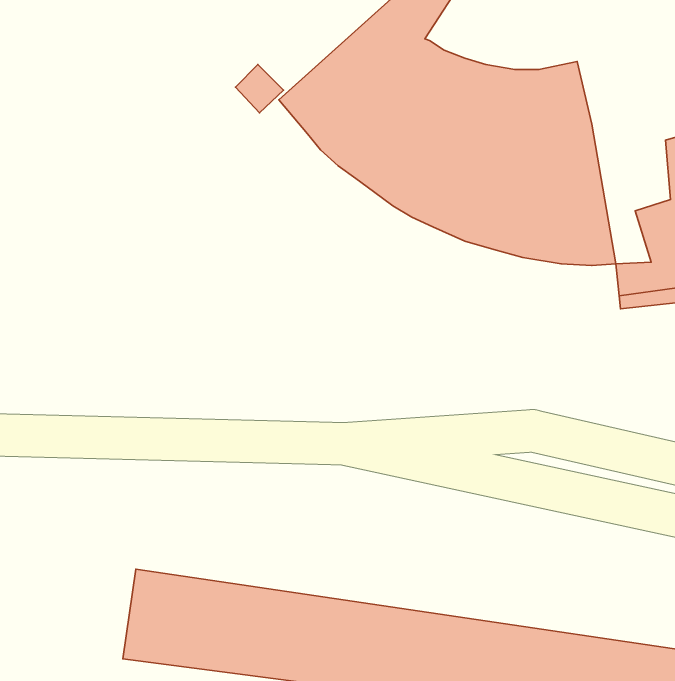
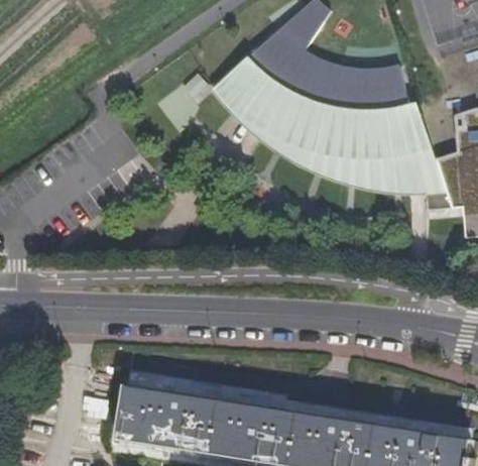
building: none -> [409,102,447,192]

